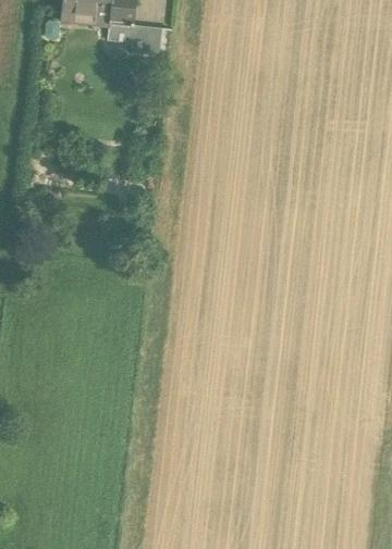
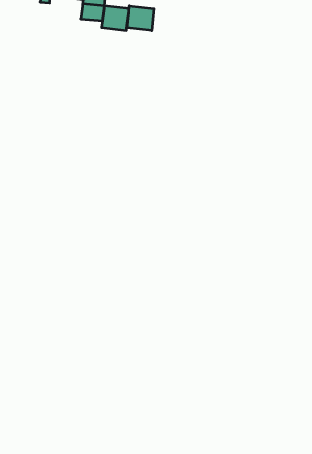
building: none -> [127,6,154,31]

